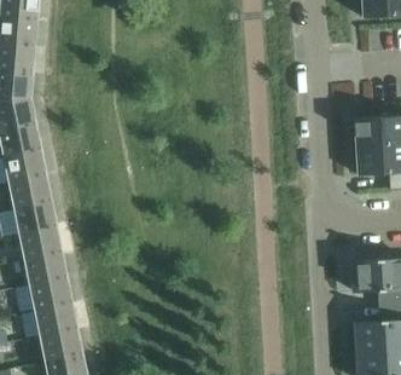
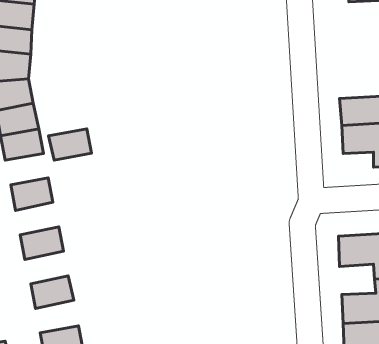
building: [7,175,52,208] -> [48,129,91,160]
building: [18,226,63,260] -> none
building: [28,277,72,311] -> none
building: [39,328,83,362] -> none

